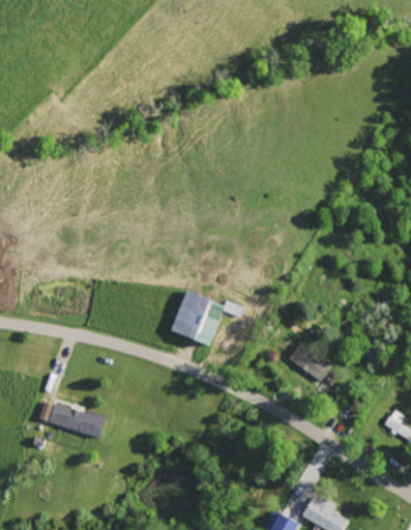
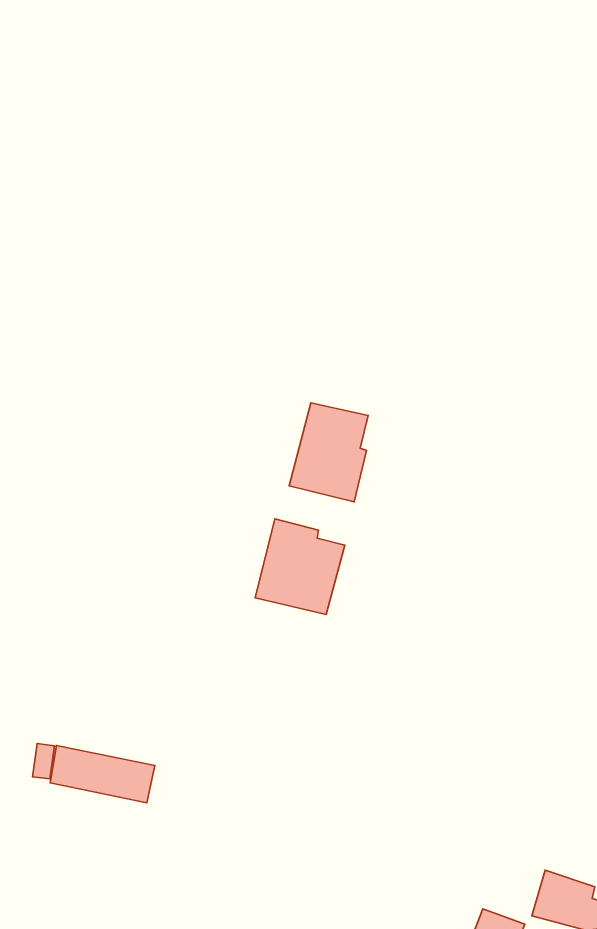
building: none -> [289,403,368,502]
building: [290,344,333,381] -> none

